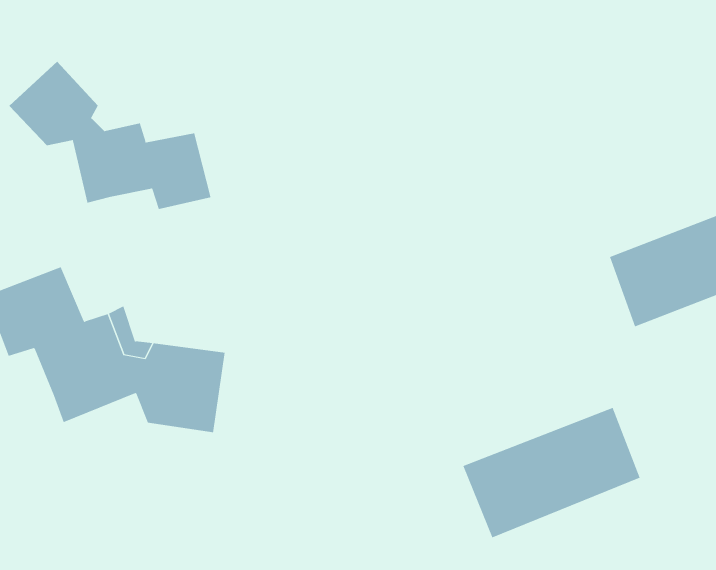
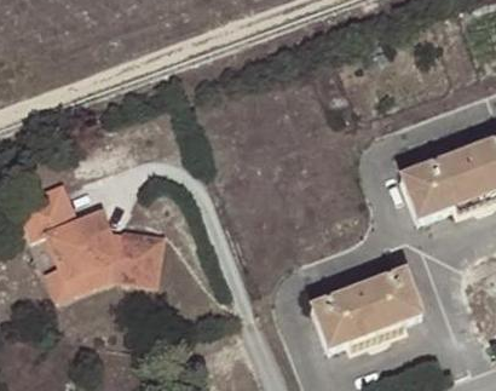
building: [8,61,211,210] -> none
building: none -> [39,259,116,301]

